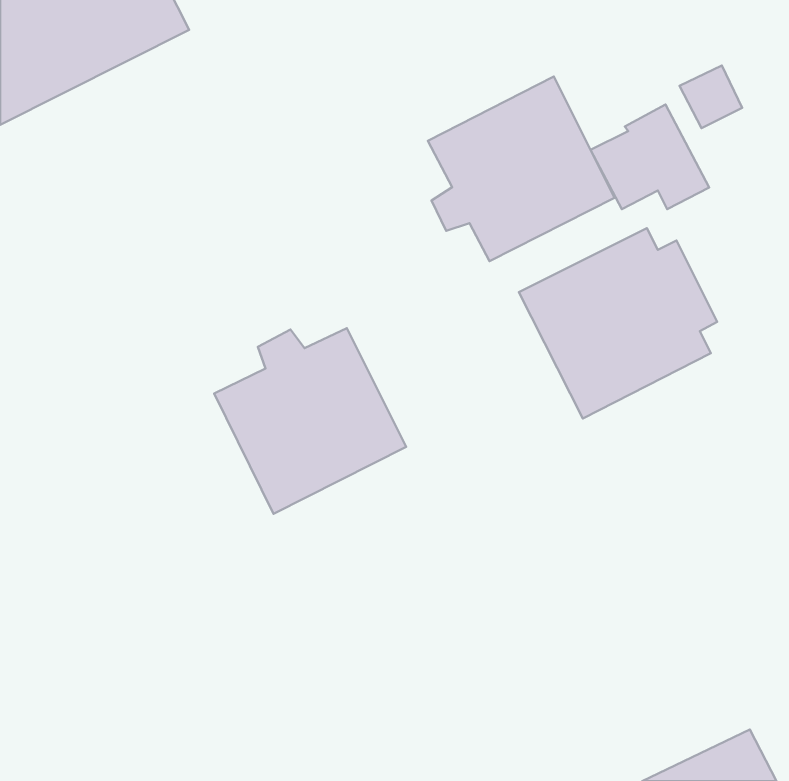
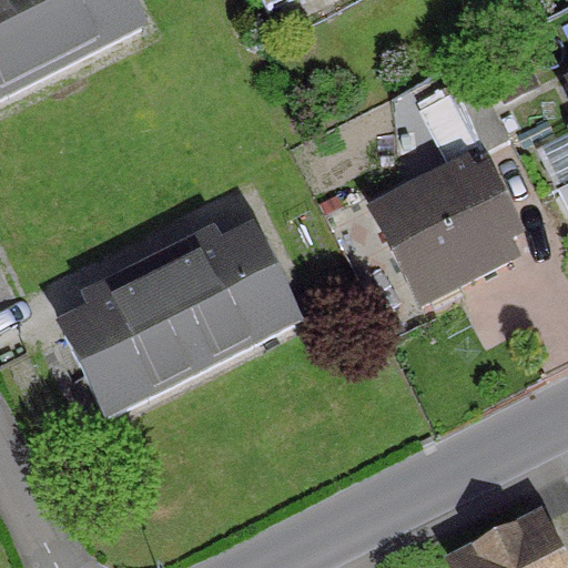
building: [428,76,614,261] -> none
building: none -> [64,280,201,412]

